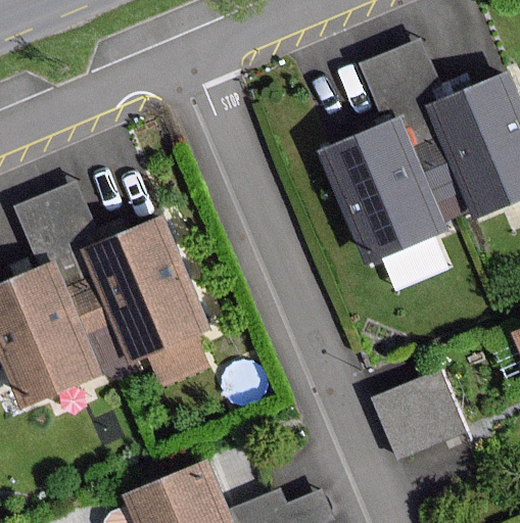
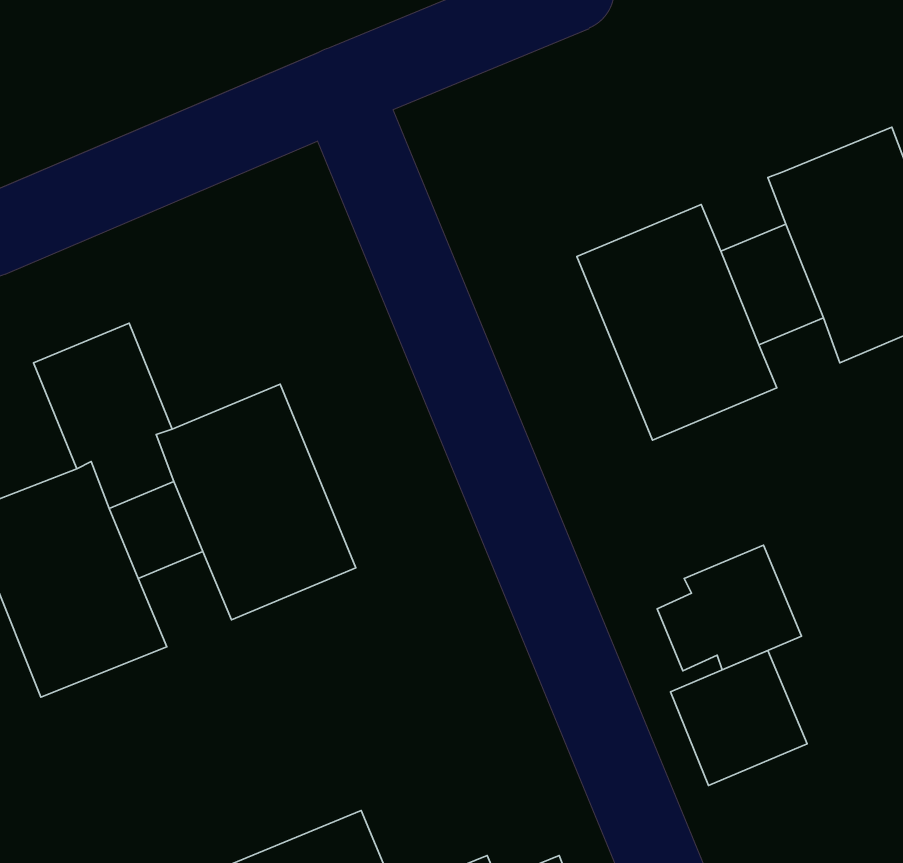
building: [367,43,447,148] -> none
building: none -> [657,545,801,671]

